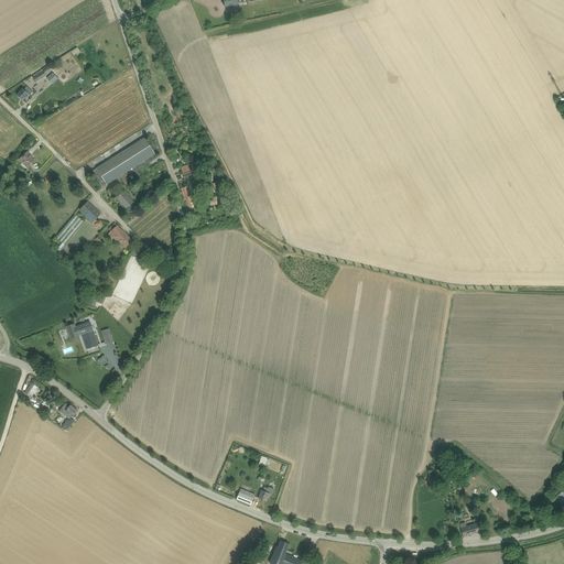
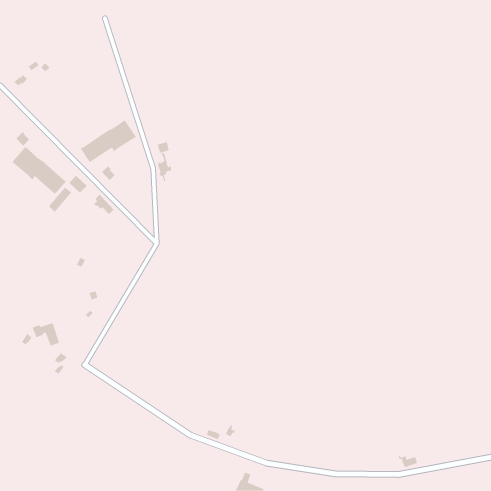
building: none -> [11,146,67,194]
building: [65,321,97,348] -> [32,323,60,347]

